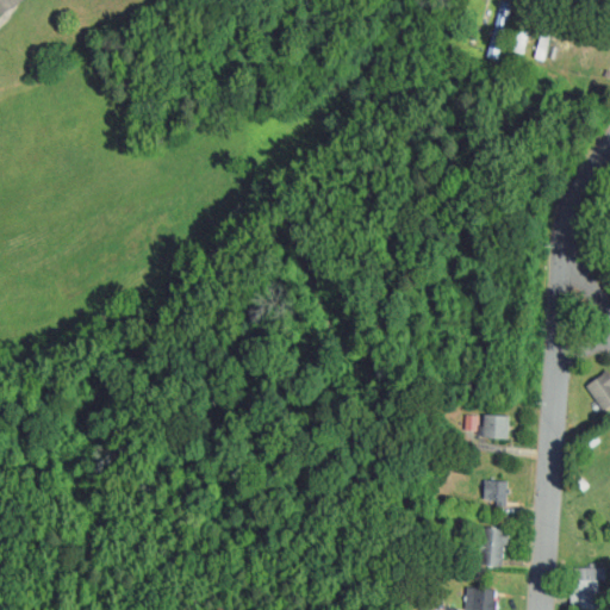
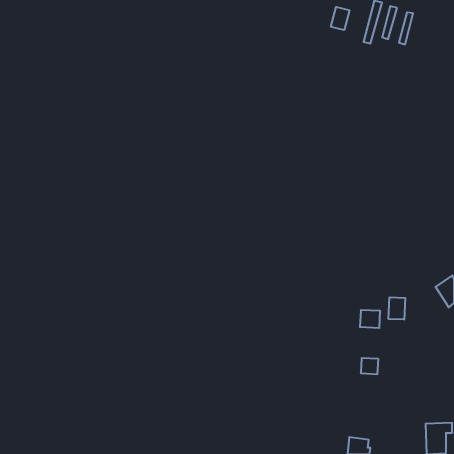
building: none -> [331,7,349,30]
building: none -> [389,297,405,320]
building: [481,528,509,568] -> none

